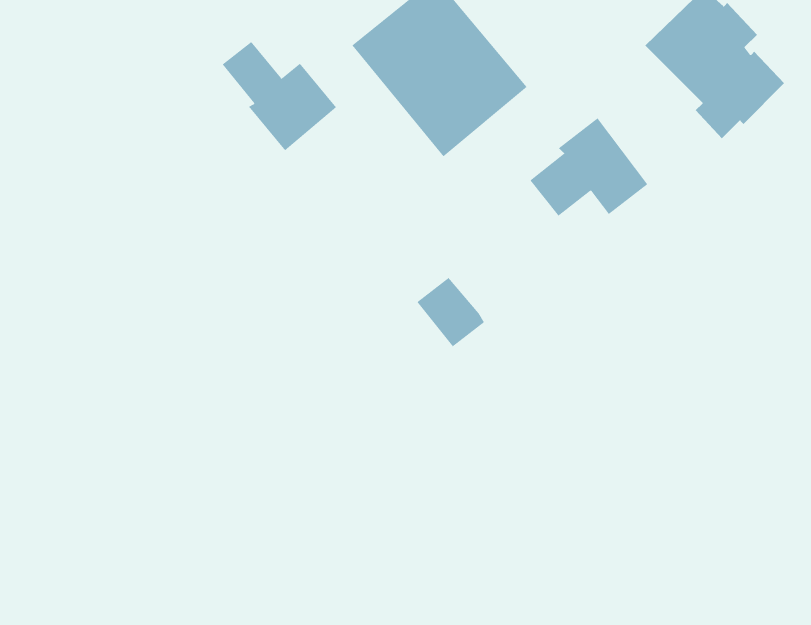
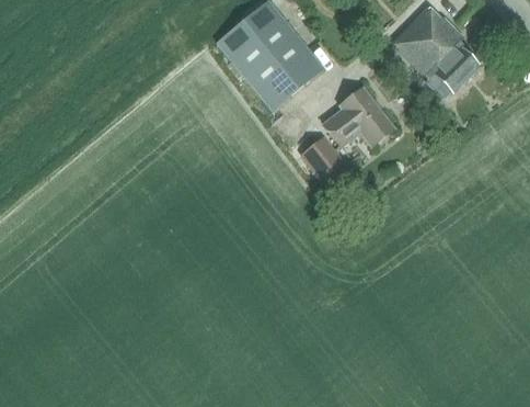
building: [222,41,337,151] -> none
building: [417,277,485,347] -> [301,139,343,182]

